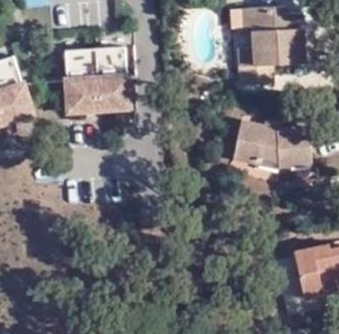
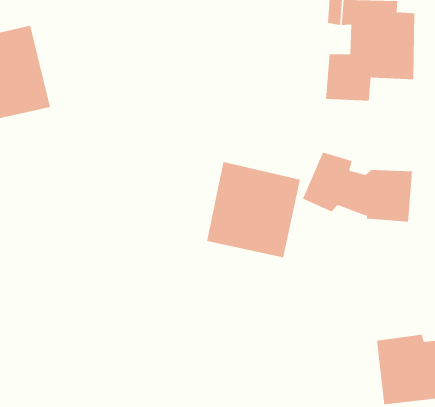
building: [62,39,127,106] -> none
building: none -> [206,161,300,258]

